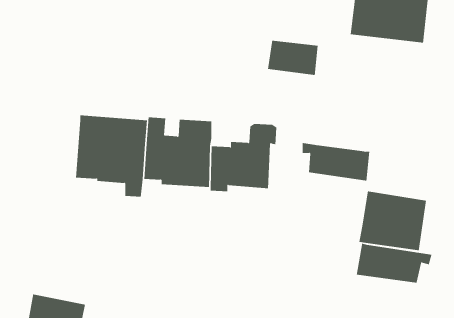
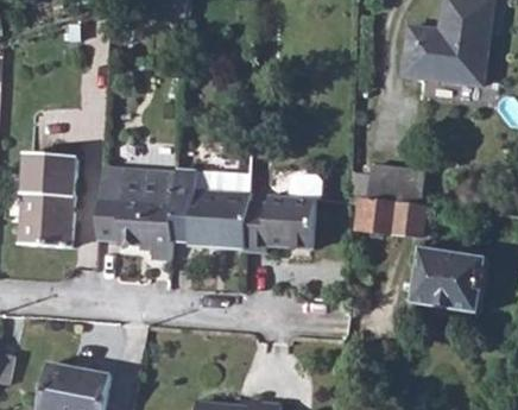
building: [267,40,319,75] -> [365,166,422,206]
building: none -> [20,149,76,242]
building: [356,243,432,284] -> none

